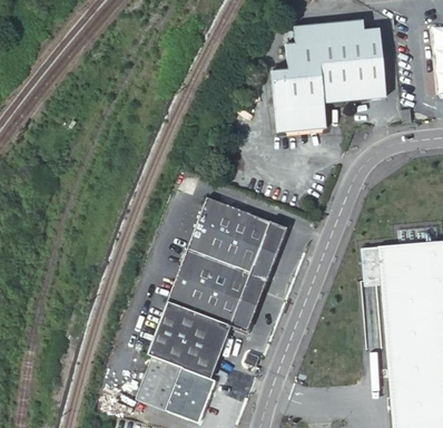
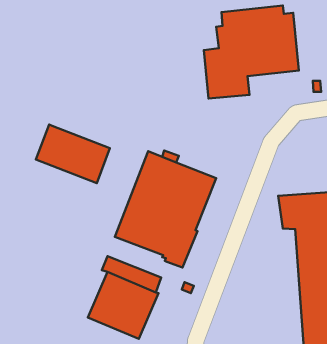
building: none -> [36,124,110,183]
building: [156,296,227,346] -> none

